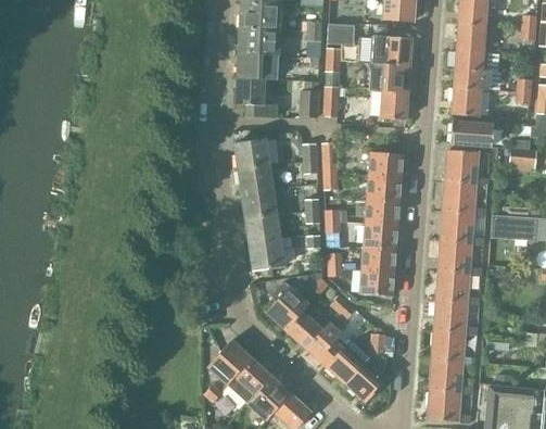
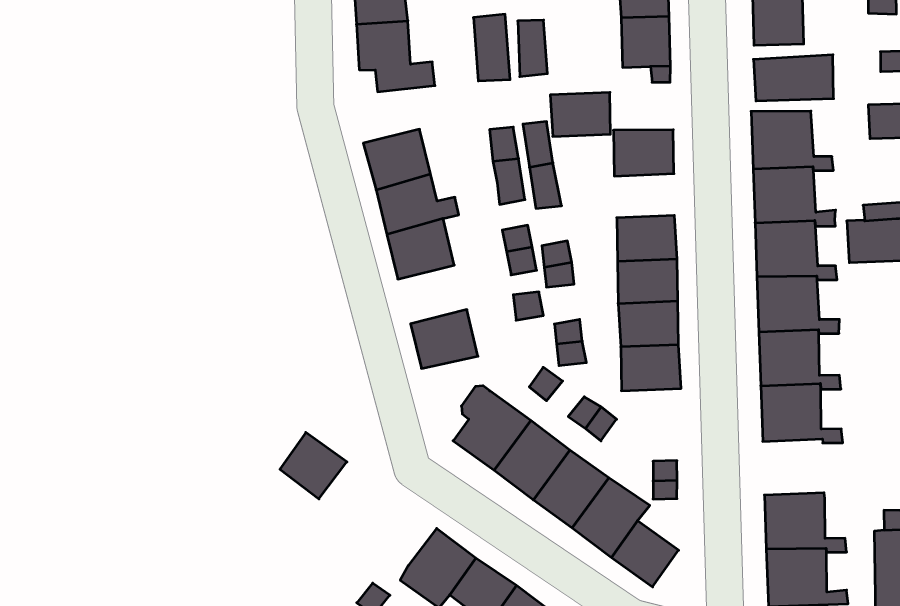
building: [368,177,402,202] -> [550,92,610,136]
building: [245,216,281,245] -> none
building: [432,330,475,366] -> none
building: [215,340,252,377] -> [280,432,347,499]

